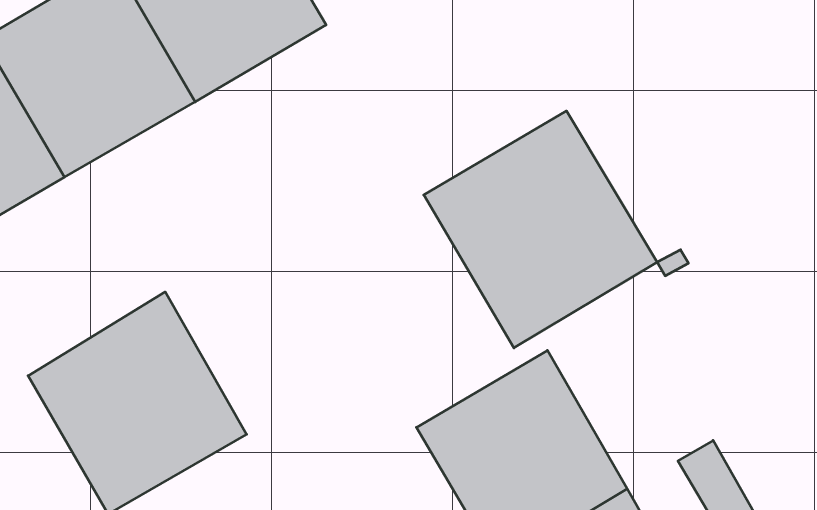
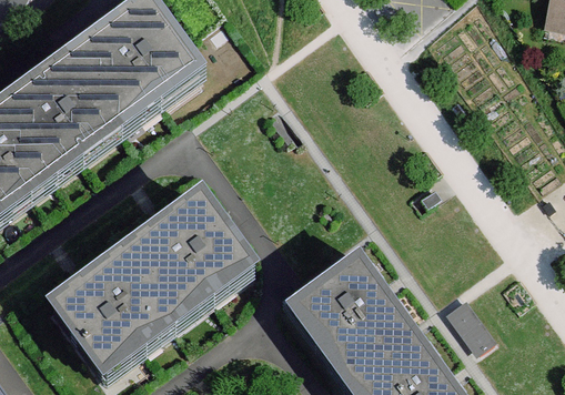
building: [424,111,657,348] -> none
building: none -> [124,180,261,318]

